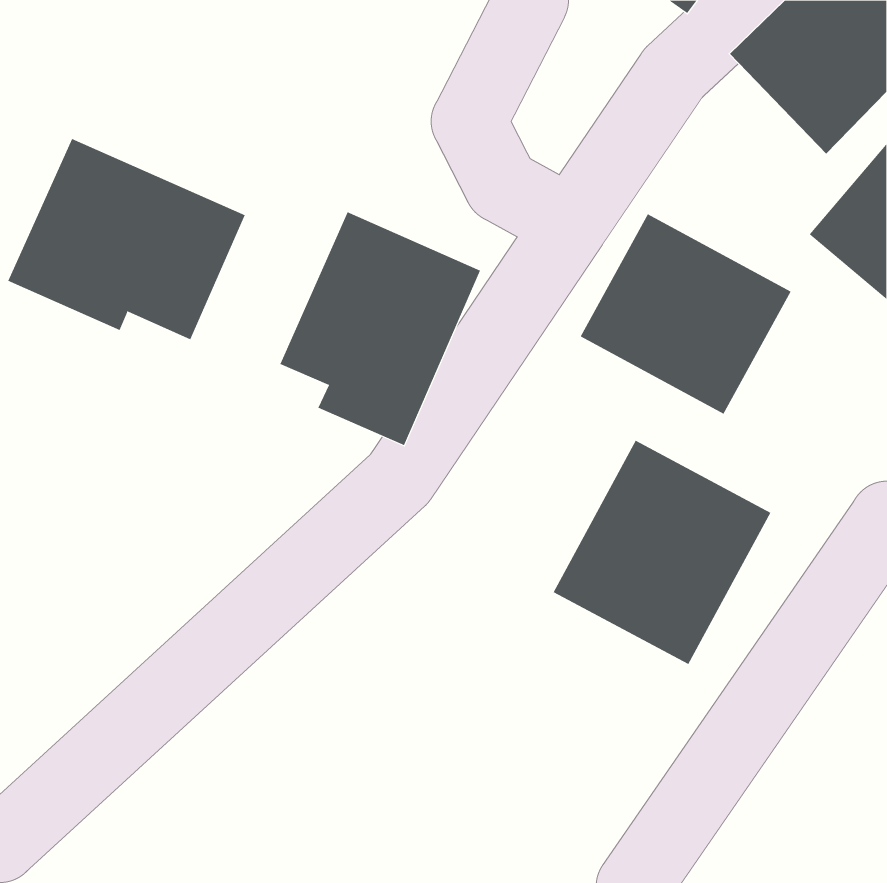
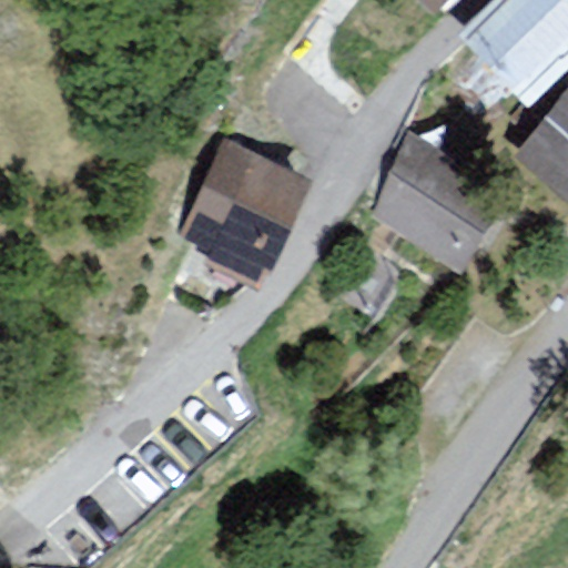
building: [7,138,245,340] -> none
building: [553,440,771,665] -> none

